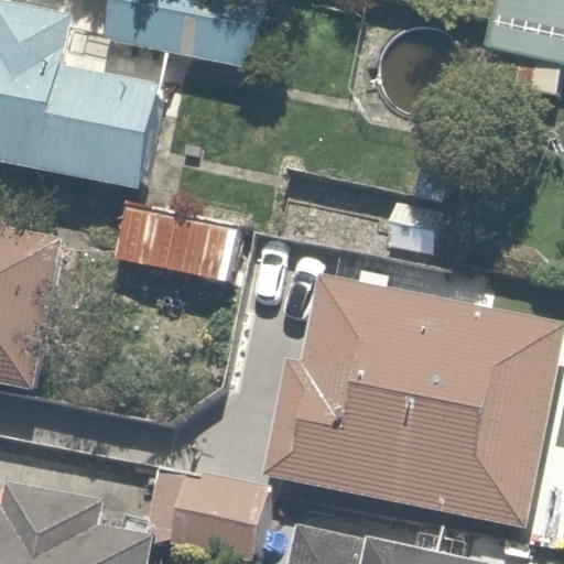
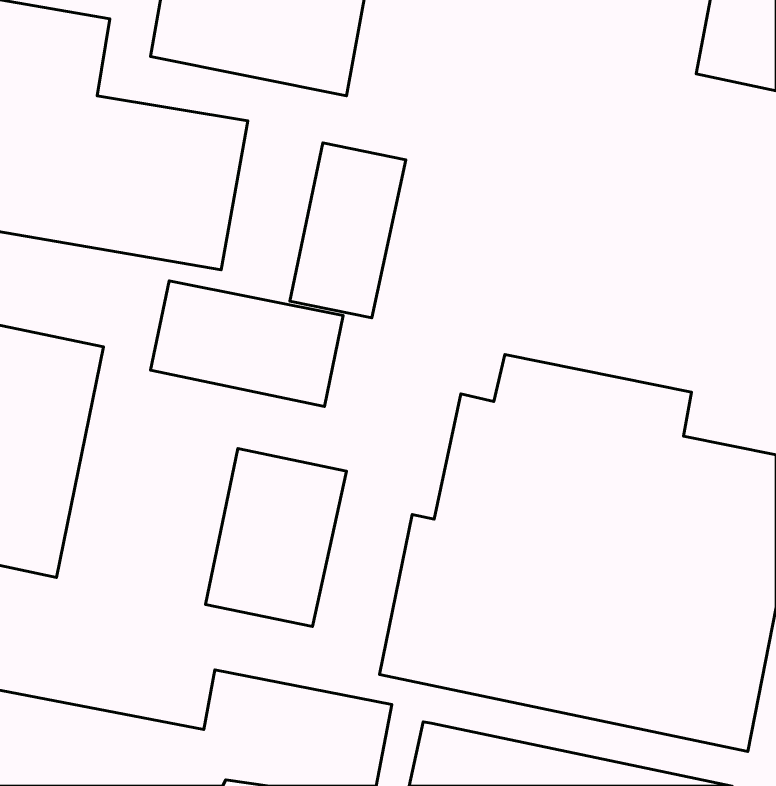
building: none -> [290,143,406,318]
building: none -> [206,449,347,626]

